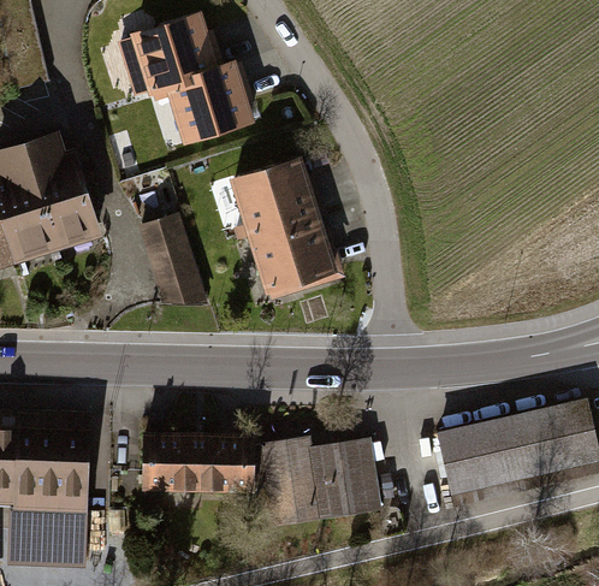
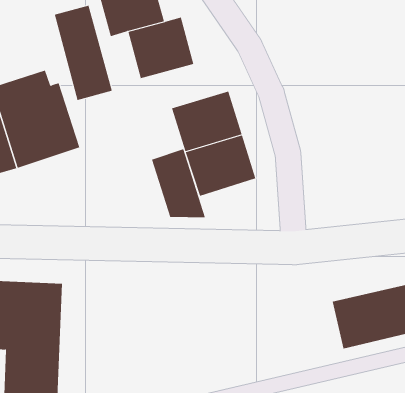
building: none -> [54,5,112,101]
building: [136,214,208,306] -> [151,149,206,218]
building: [140,432,249,495] -> none
building: [263,432,376,520] -> none

